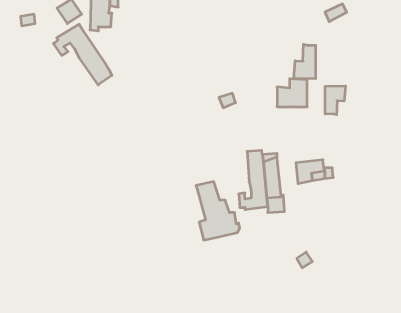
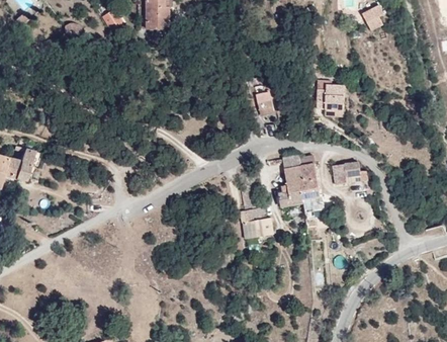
building: [53,24,112,85] -> none
building: [294,44,316,79] -> none
building: [325,86,345,115] -> none

